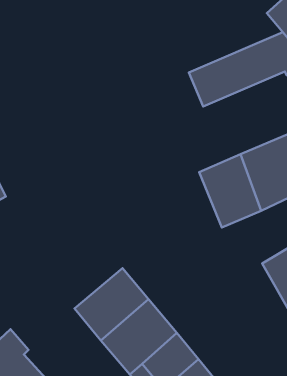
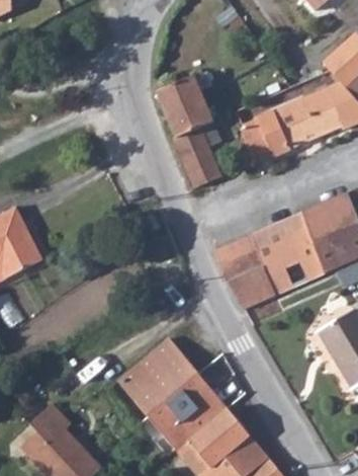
building: none -> [157,75,222,188]
building: none -> [207,233,276,310]

